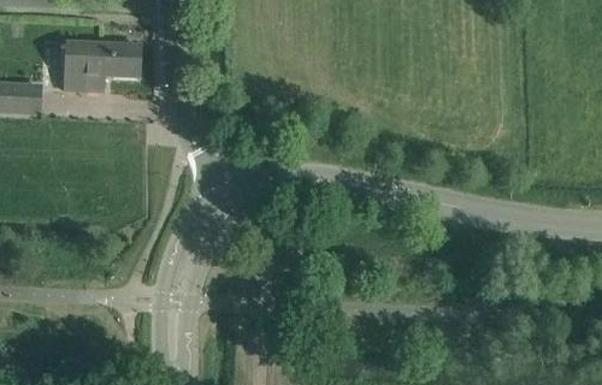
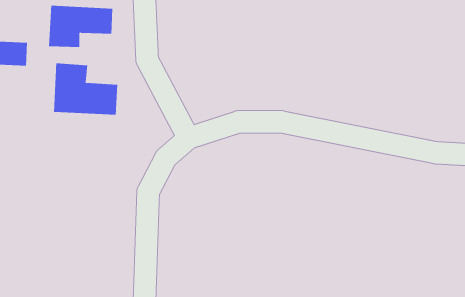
building: none -> [53,62,118,115]

